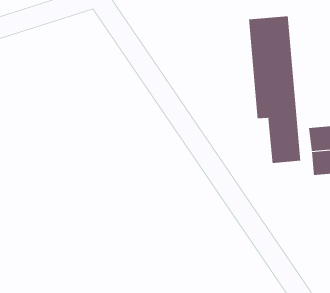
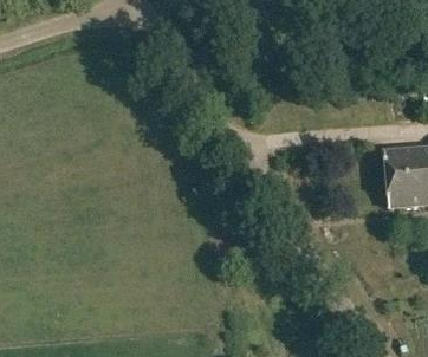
building: [248,15,301,164] -> none

